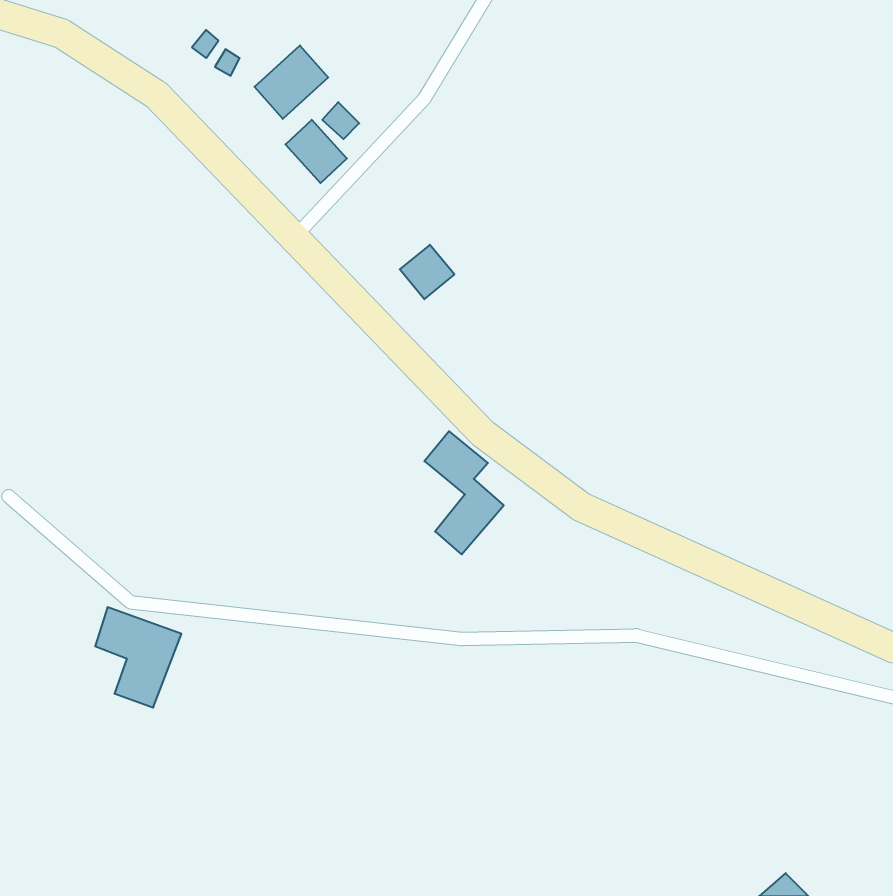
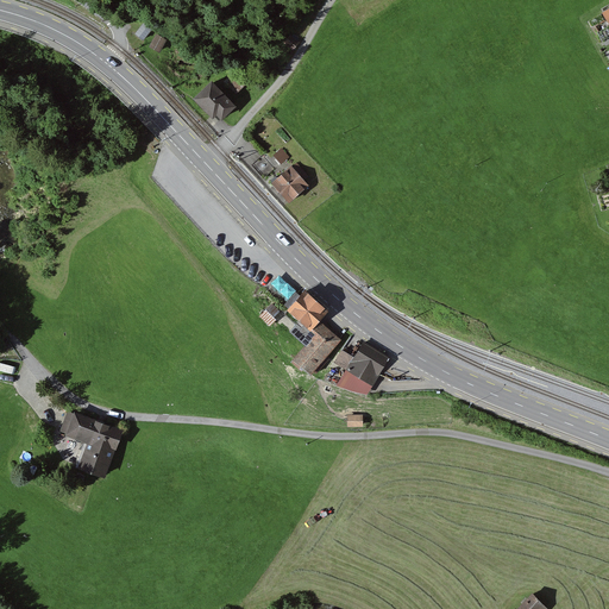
building: [254,45,328,119] -> none
building: none -> [329,340,387,393]

